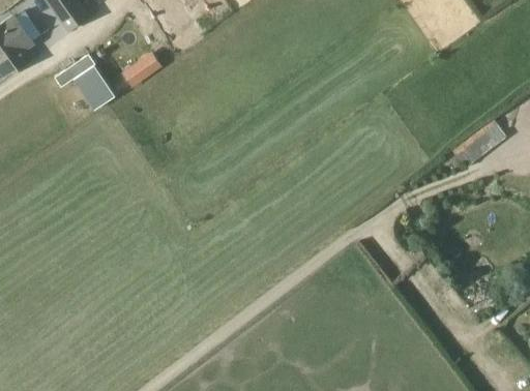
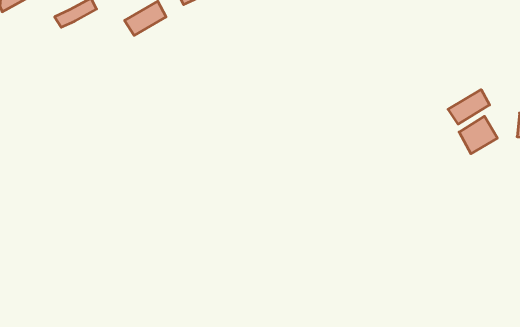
building: [75,64,115,109] -> none
building: none -> [448,90,490,124]

